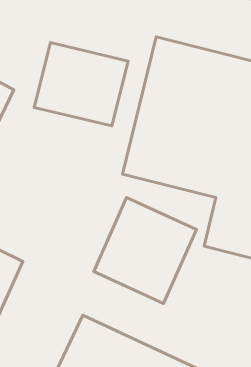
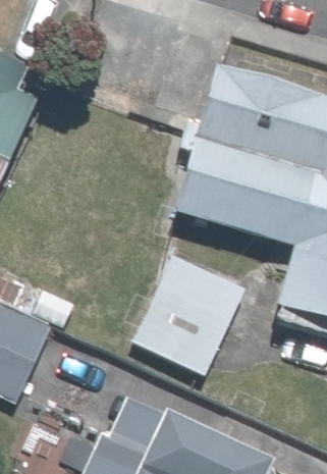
building: [34,43,128,126] -> none

